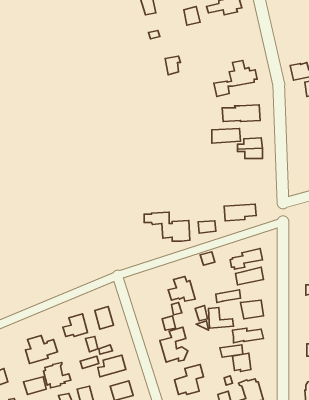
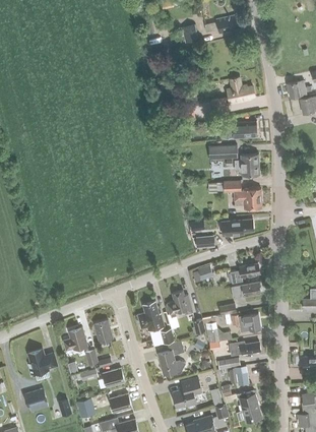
building: [144,212,190,241] -> [216,180,261,208]
building: none -> [138,301,165,330]
building: [43,362,71,388] -> none

